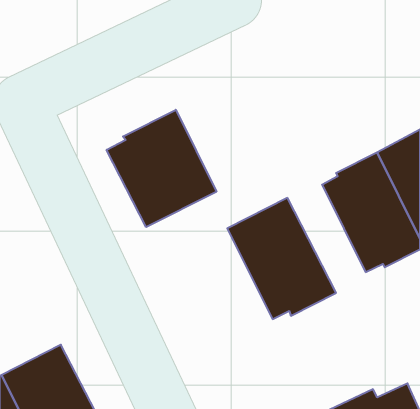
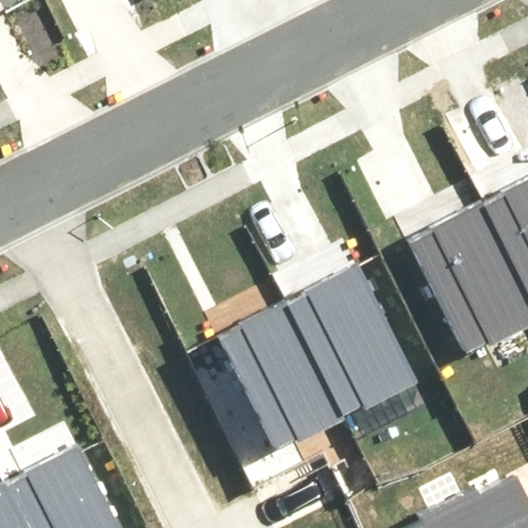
building: [107,110,216,227] -> none
building: none -> [216,301,344,452]

